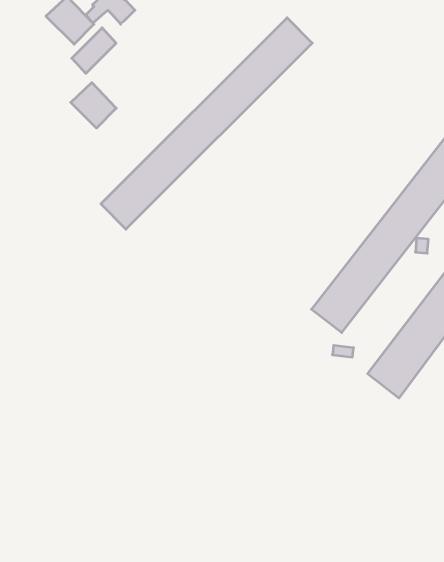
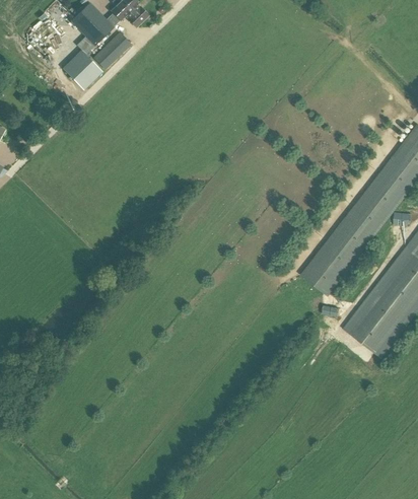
building: [101,18,312,229] -> none
building: [71,83,116,128] -> [62,48,101,87]

